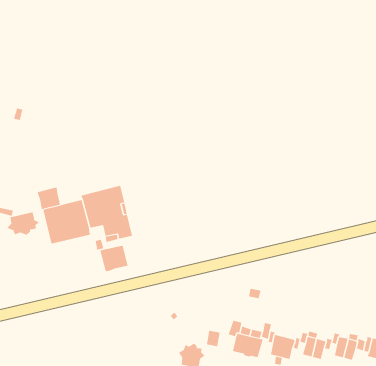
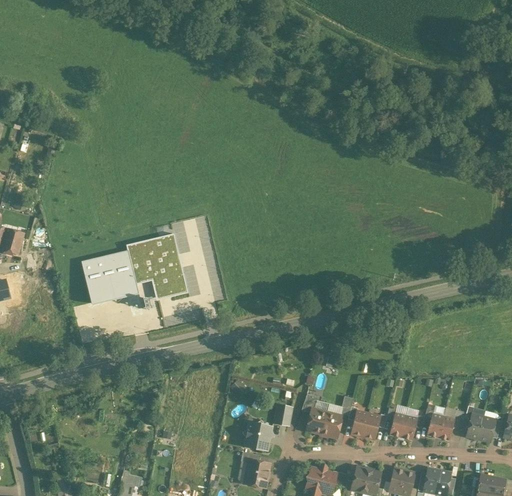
building: [37,187,60,210] -> none
building: [7,211,40,235] -> none
building: [100,245,128,272] -> none

